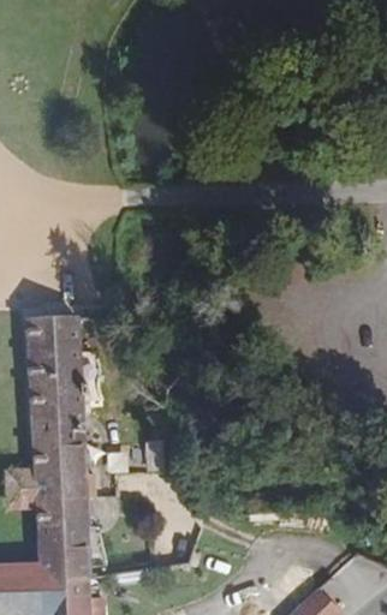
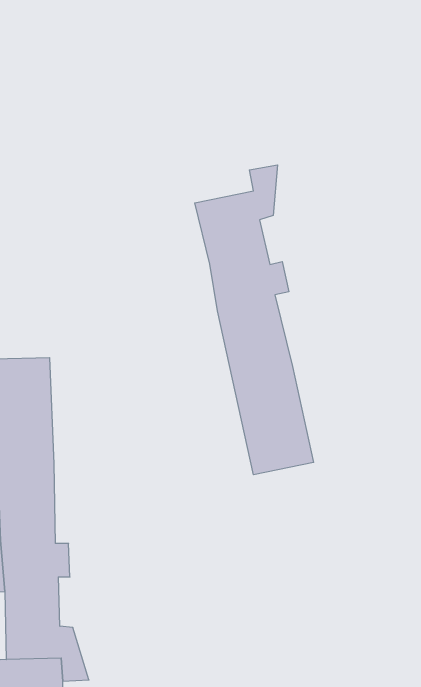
building: none -> [195,165,314,475]

